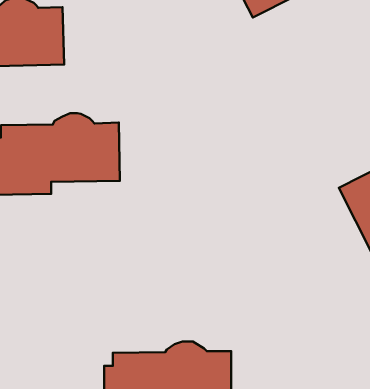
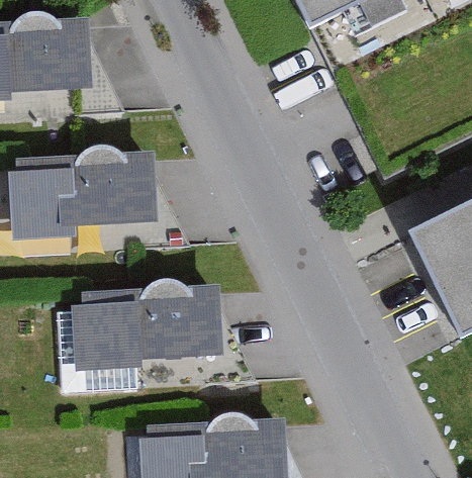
building: none -> [70,278,219,373]

